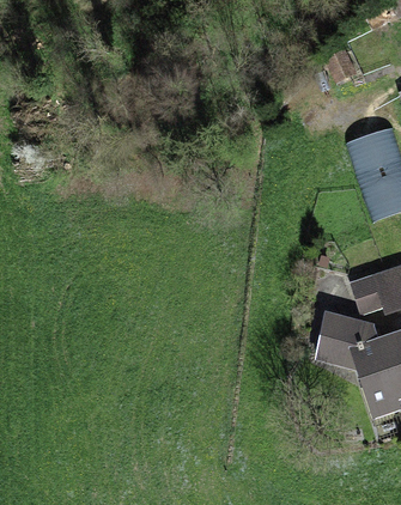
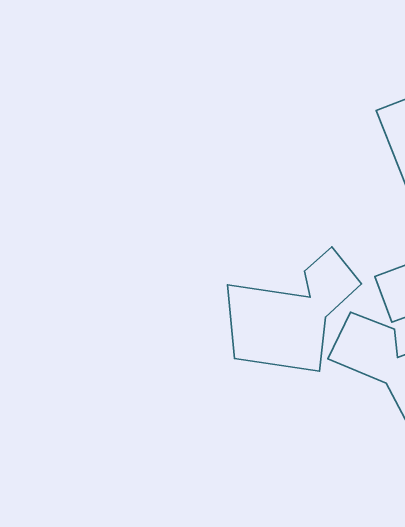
building: none -> [227,247,361,371]

